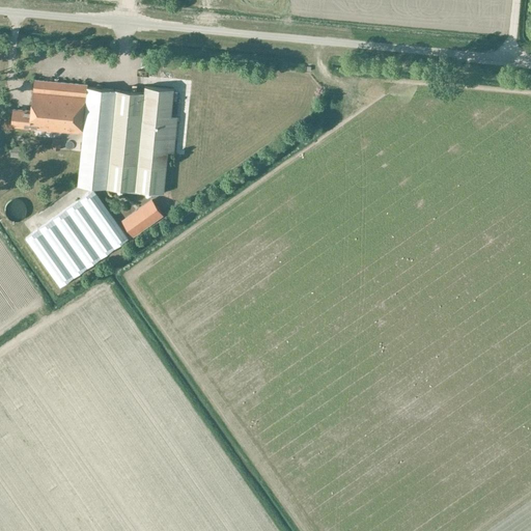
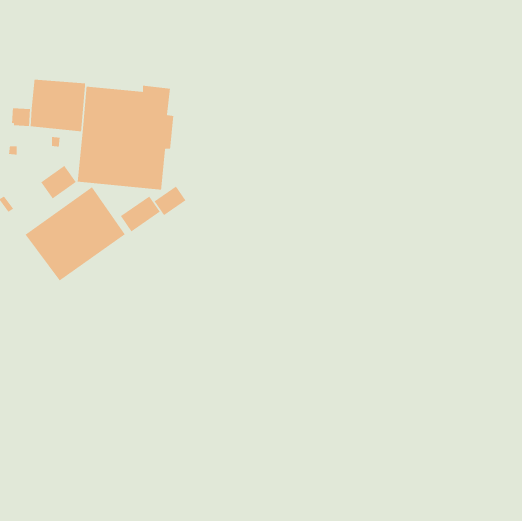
building: none -> [40,165,77,199]
building: none -> [153,185,187,216]

